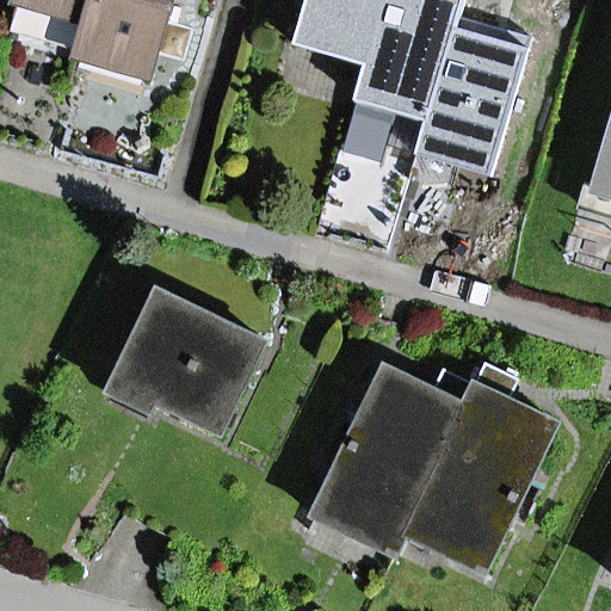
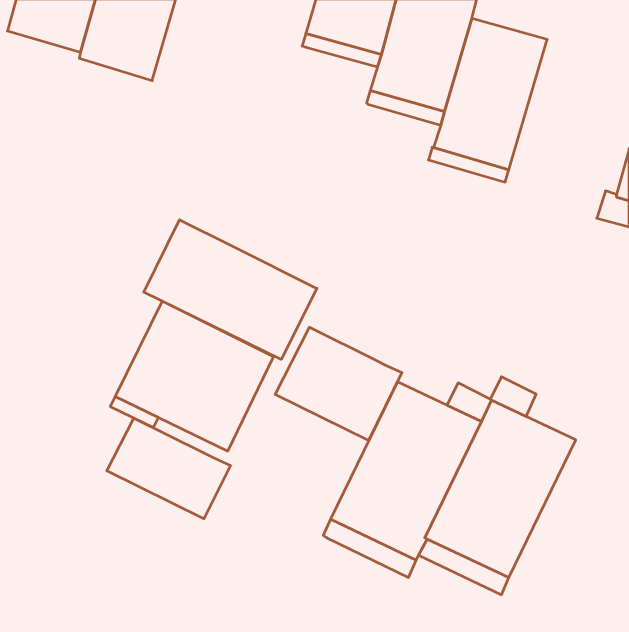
building: none -> [144,220,317,359]
building: none -> [275,327,402,440]
building: none -> [107,418,230,519]

